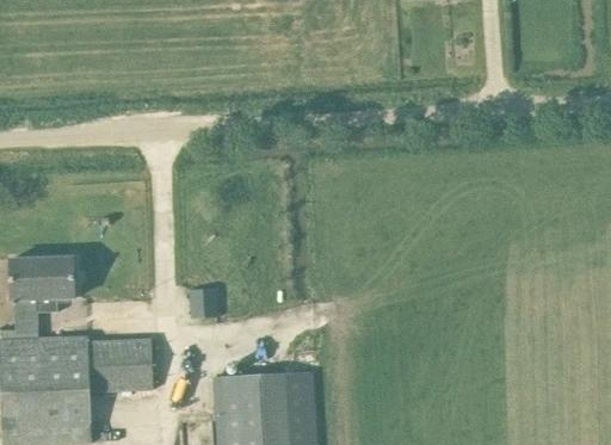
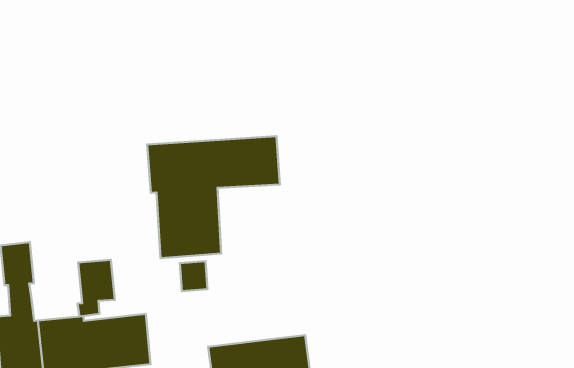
building: none -> [147,136,280,258]
building: [37,258,75,313] -> [78,260,115,316]

